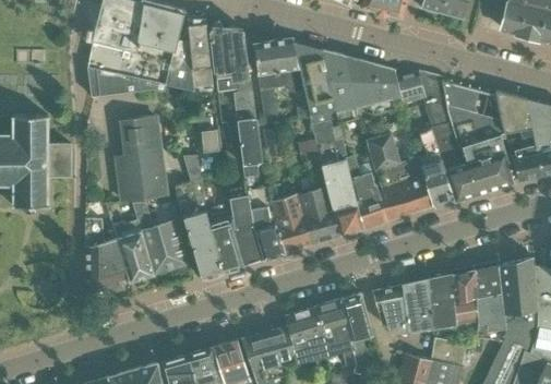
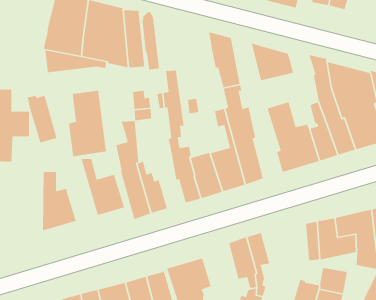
building: [225,26,253,93] -> none
building: [252,37,301,124] -> none
building: [322,51,358,122] -> none
building: [395,72,426,103] -> none
building: [348,154,385,228] -> none
building: [230,187,264,265] -> none
building: [112,220,151,281] -> [27,95,57,144]
building: [371,284,418,333] -> none
building: [284,308,330,362] -> none

